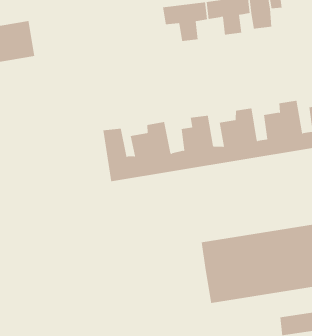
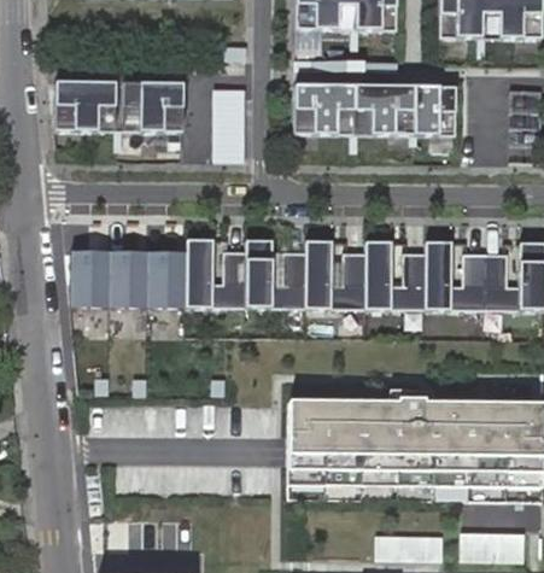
building: none -> [215,86,248,157]
building: none -> [119,77,181,125]
building: none -> [74,247,186,309]

